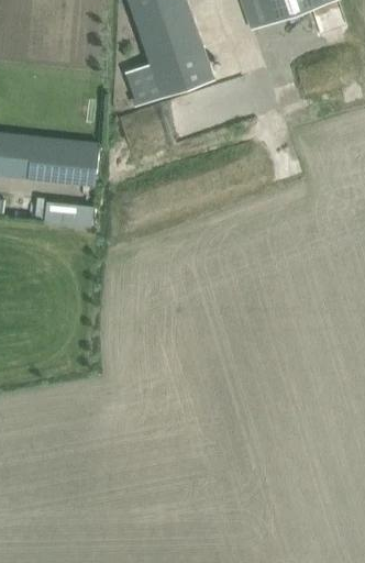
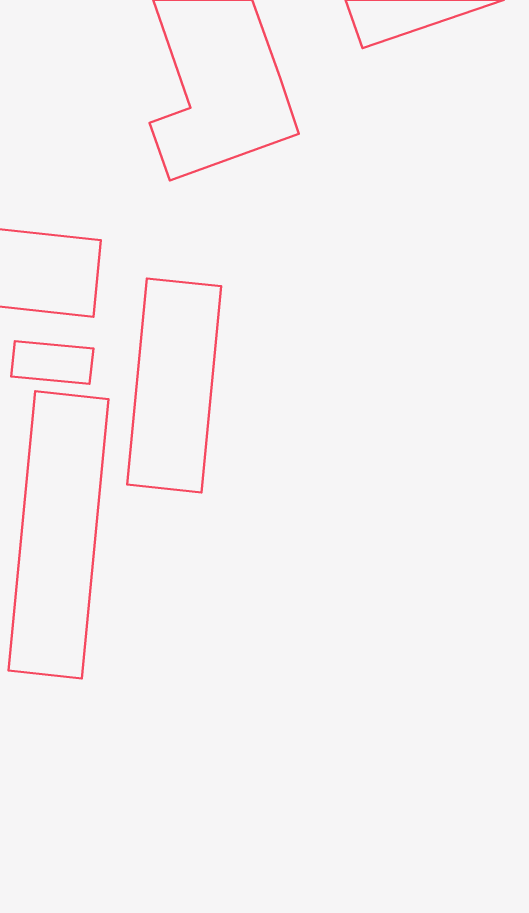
building: none -> [127,278,221,492]
building: none -> [9,391,108,679]

